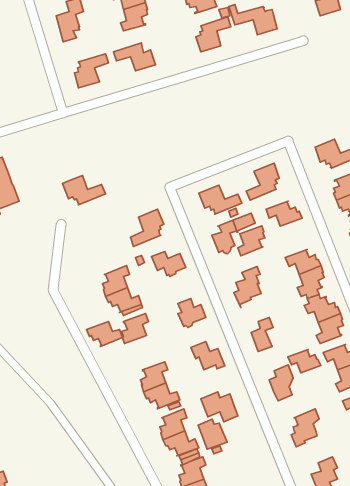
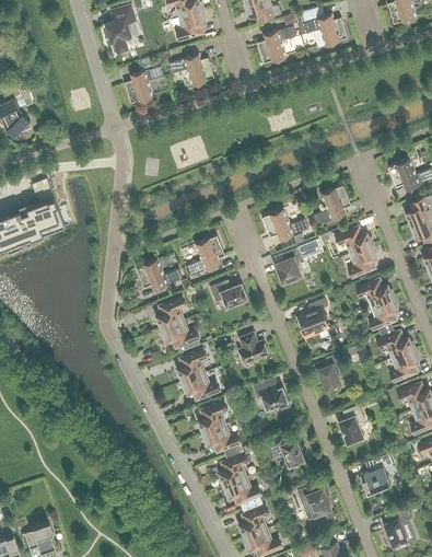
building: [62,176,106,205] -> [136,258,183,290]
building: [238,226,265,256] -> [348,244,377,277]
building: [86,322,123,347] -> [180,372,220,399]
building: [288,349,321,373] -> none
building: [198,419,227,449] -> [300,484,331,517]

